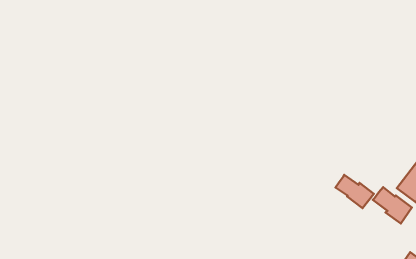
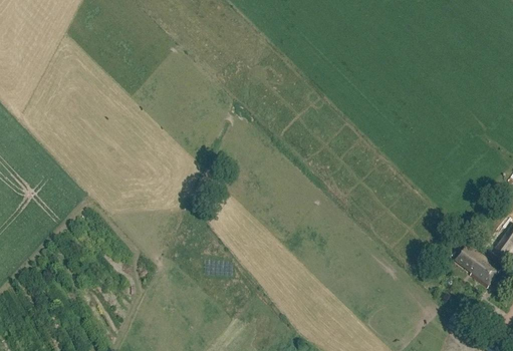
building: [336,175,374,208] -> none

